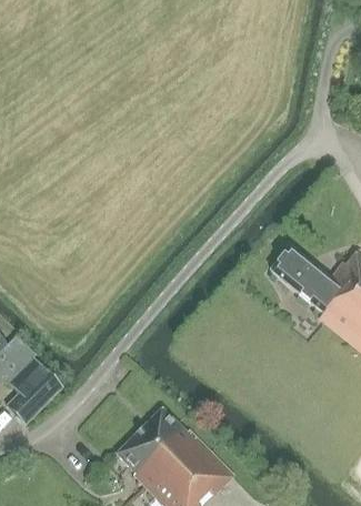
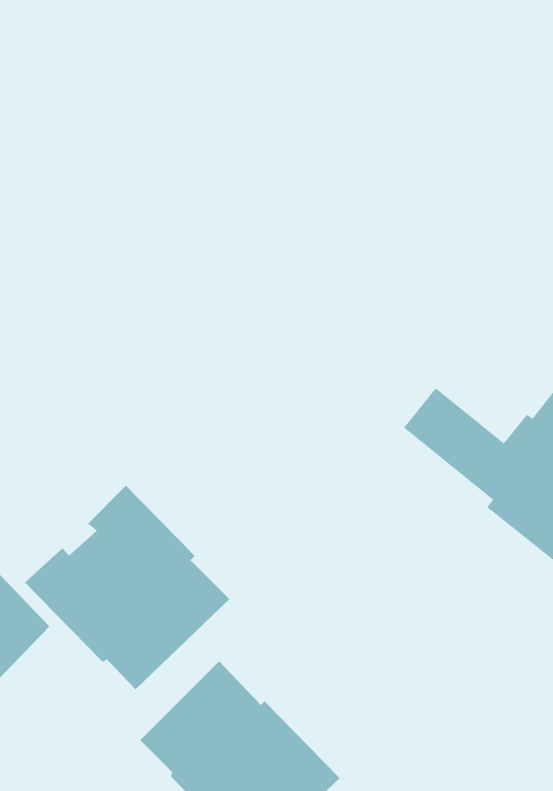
building: none -> [24,485,230,690]

